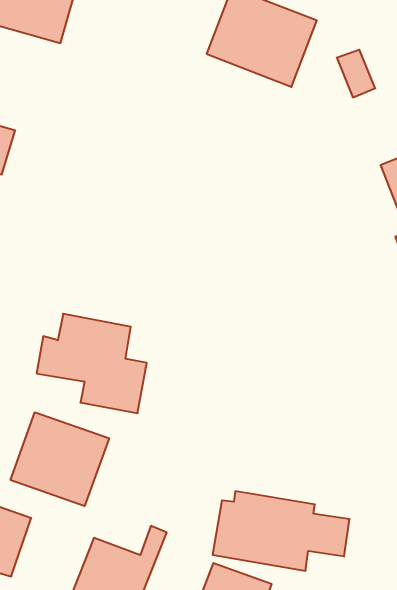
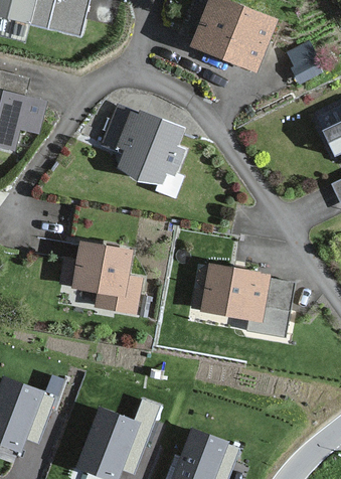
building: none -> [102,104,184,185]
building: [11,412,109,506] -> none
building: [213,491,350,571] -> [191,264,295,324]

